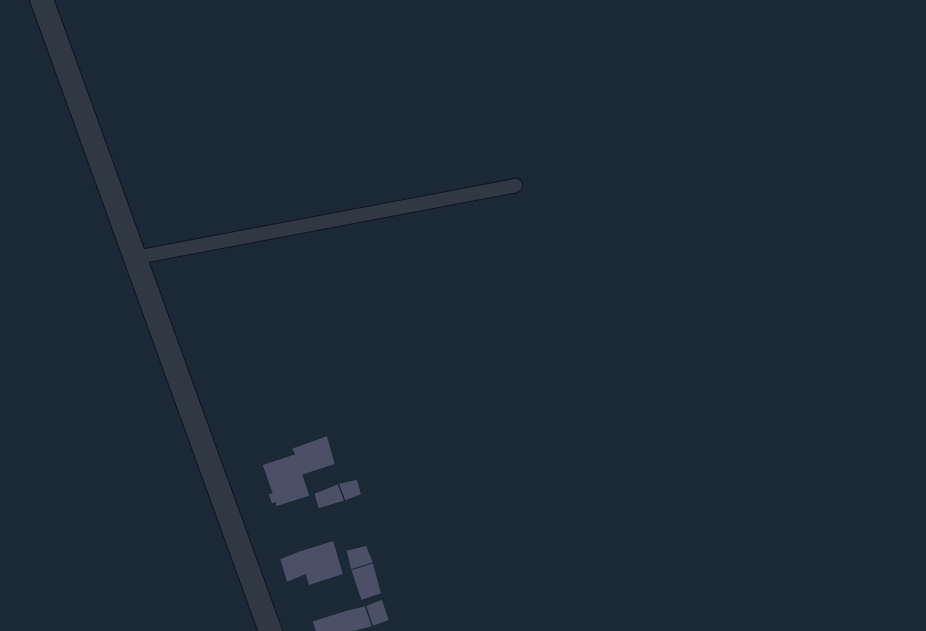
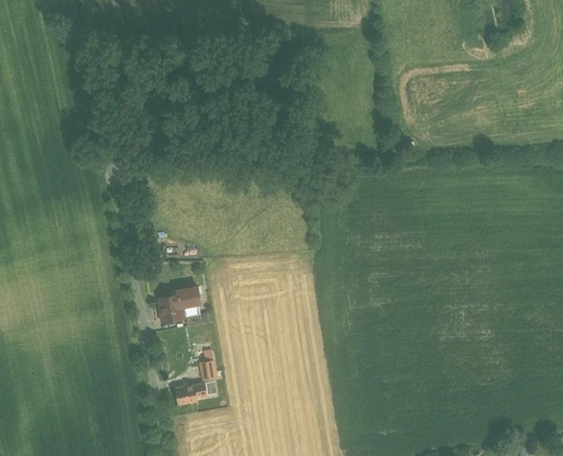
building: [280,540,344,586] -> none

